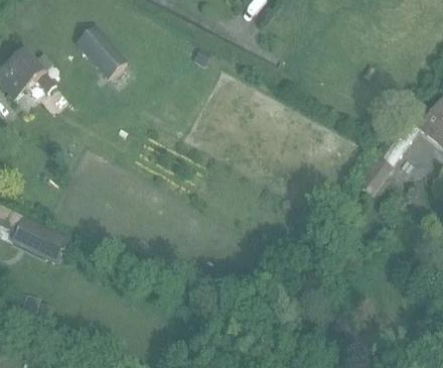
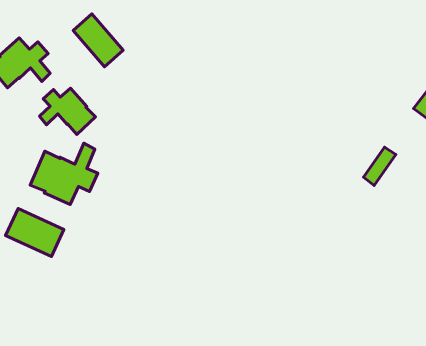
building: none -> [40,88,95,134]
building: none -> [30,143,98,205]

